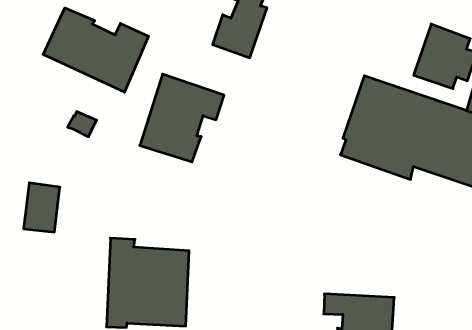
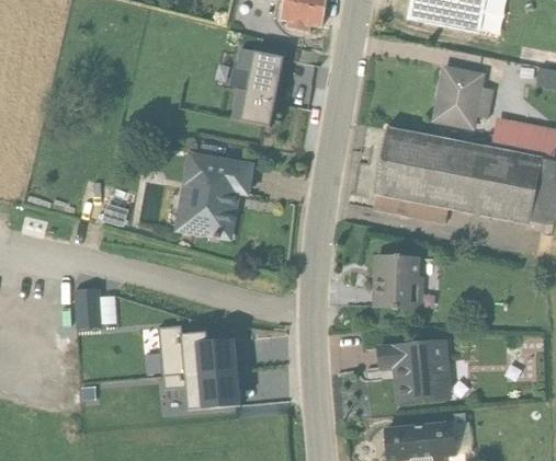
building: [43,8,149,92] -> none
building: none -> [375,255,424,308]

